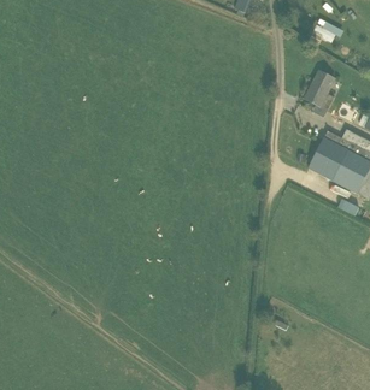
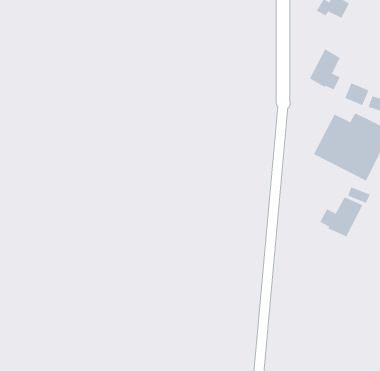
building: none -> [319,196,363,237]

